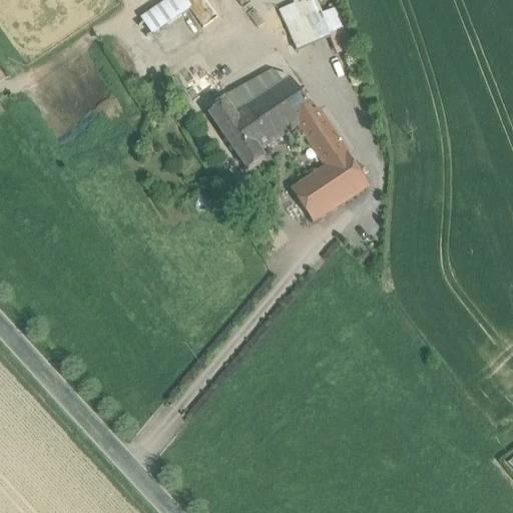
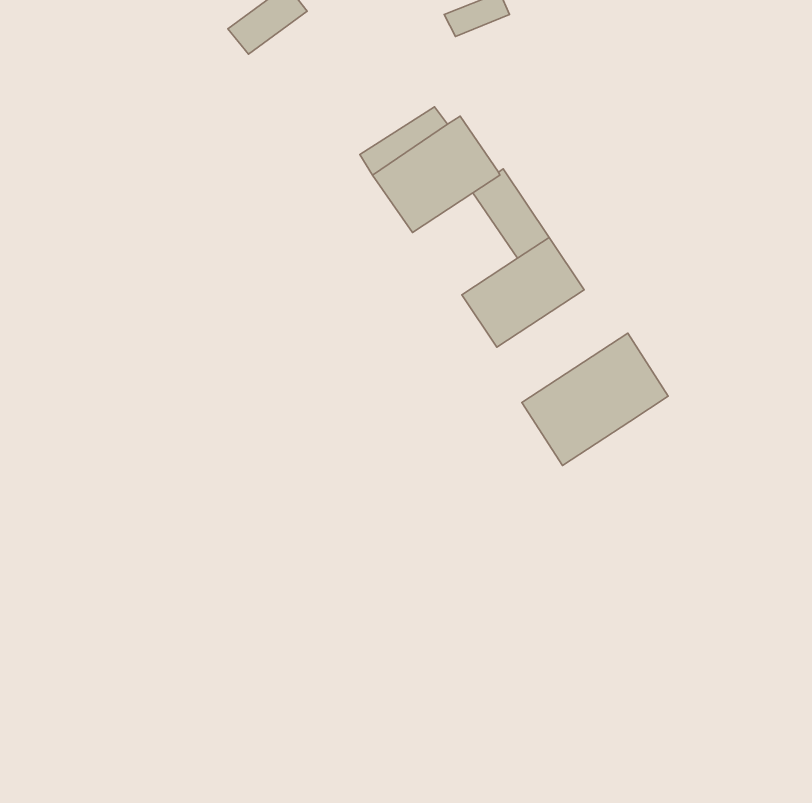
building: [287,9,330,45] -> none
building: [208,97,265,165] -> none
building: none -> [522,333,668,466]

